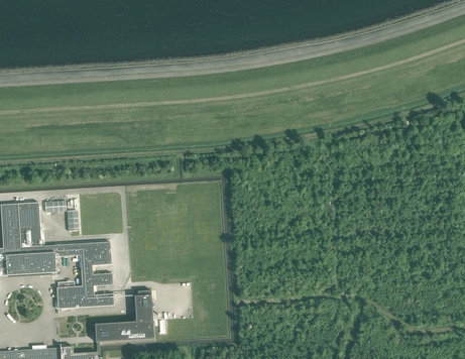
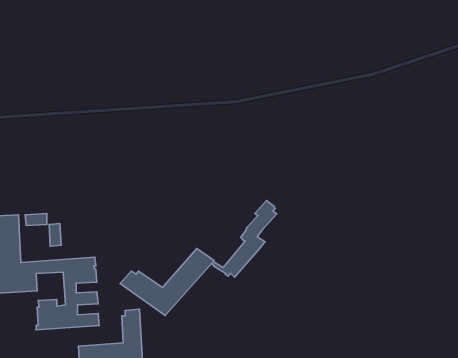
building: none -> [120,200,277,315]

